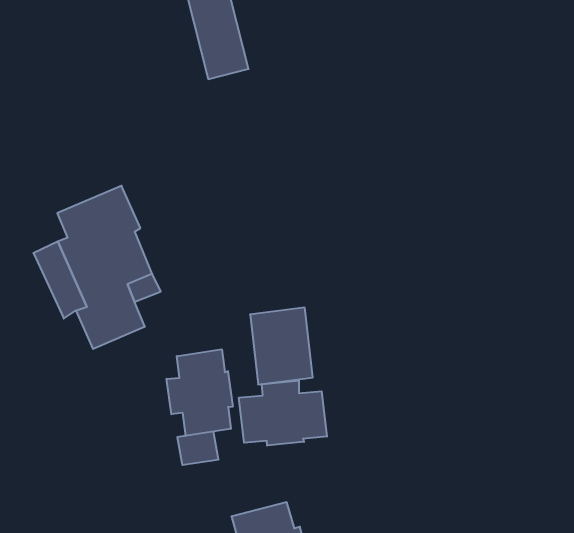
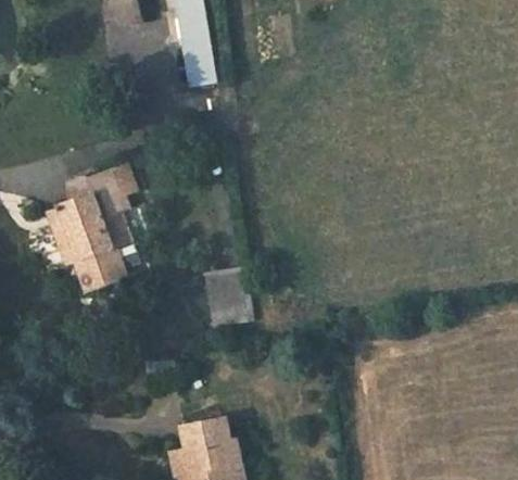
building: [167,349,233,436] -> none
building: [239,380,327,446] -> none

